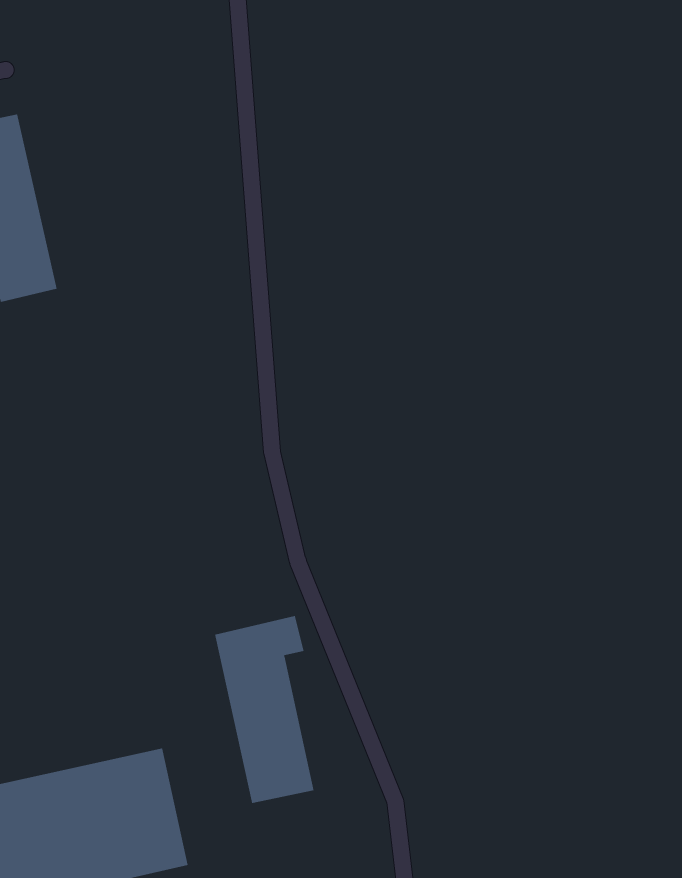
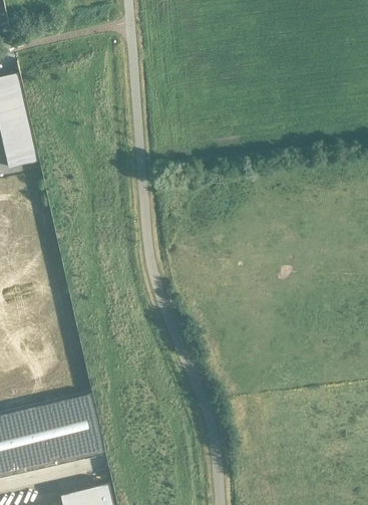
building: [215,615,314,804] -> none

